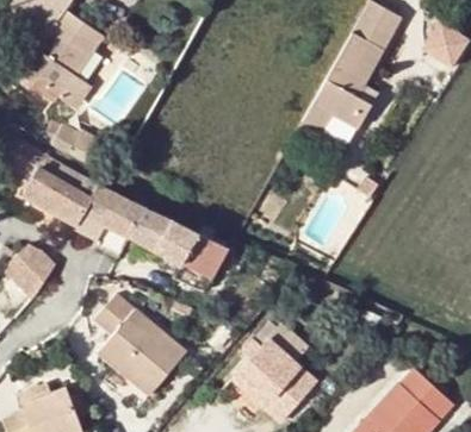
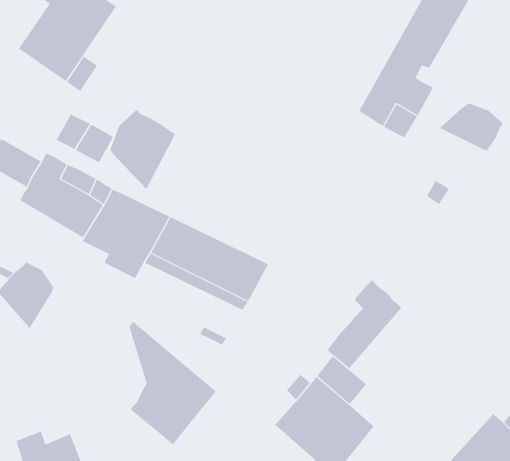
building: none -> [439,102,504,152]
building: none -> [110,109,176,190]
building: none -> [326,280,402,369]
building: [94,299,128,367] -> none

